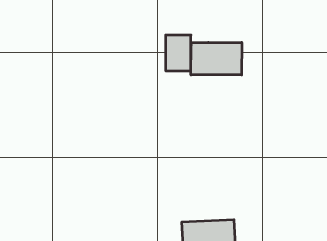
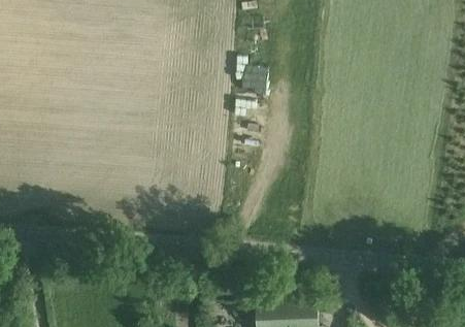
building: [191,42,242,75] -> none

